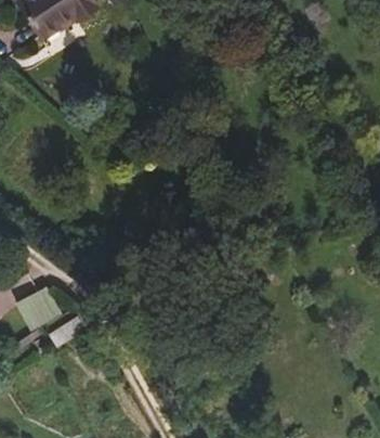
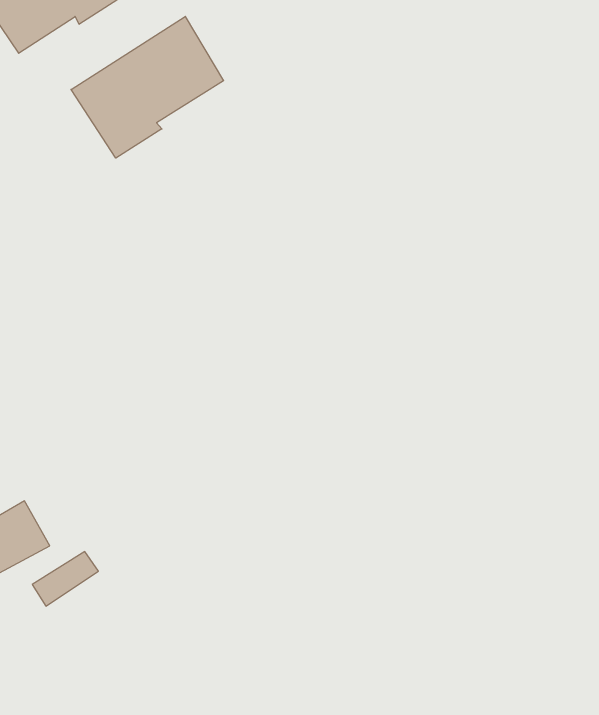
building: none -> [71,16,224,158]

